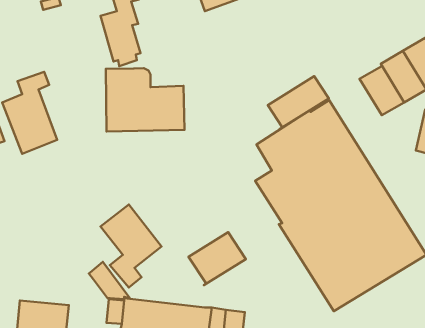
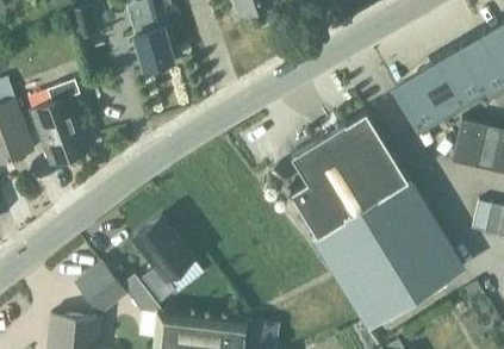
building: [106,68,185,131] -> none
building: [268,76,329,129] -> none
building: [189,232,246,285] -> none
building: none -> [75,263,125,314]

